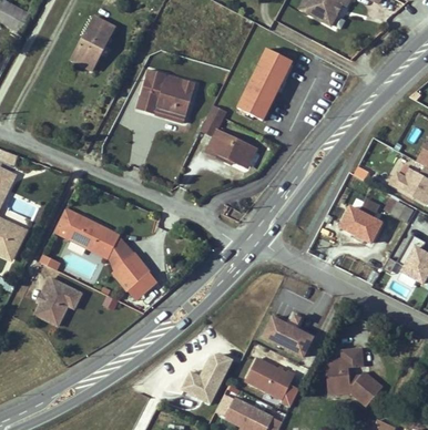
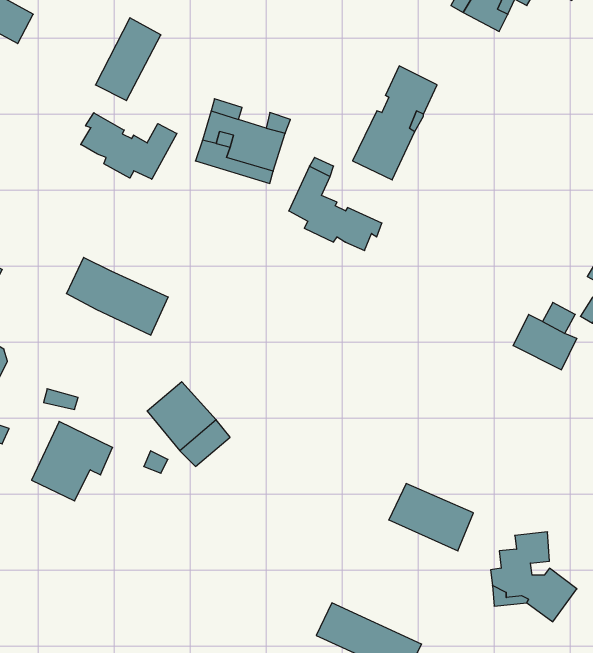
building: none -> [81,113,177,179]
building: [54,207,120,257] -> [66,257,168,335]
building: [181,349,233,403] -> none
building: [244,355,299,405] -> none

